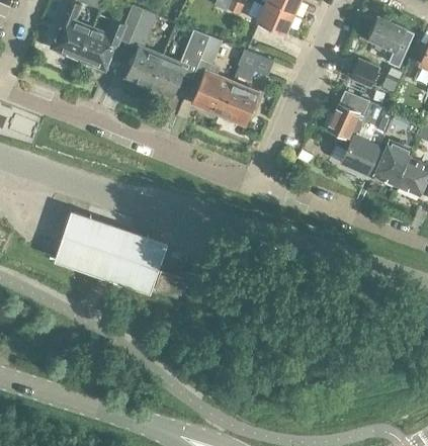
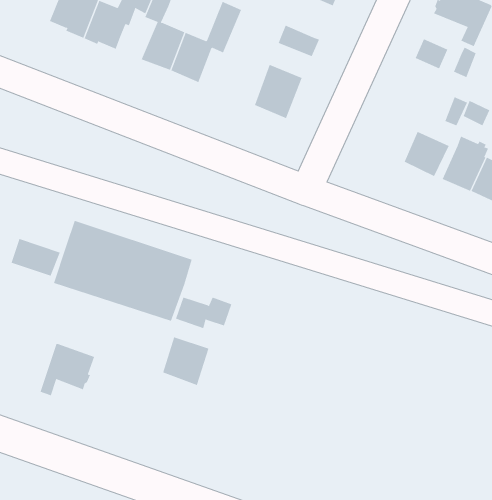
building: [191,37,231,115] -> none
building: [326,92,368,140] -> none
building: none -> [11,238,60,276]
building: none -> [163,336,209,386]
building: none -> [40,343,95,396]

